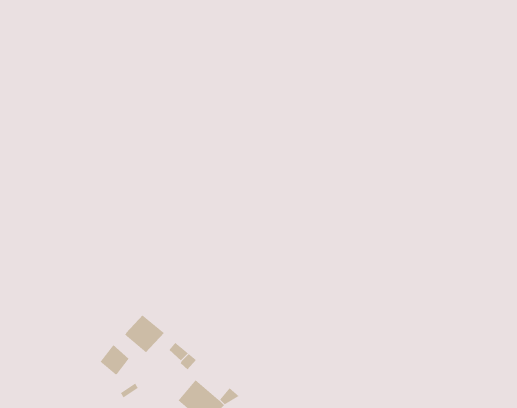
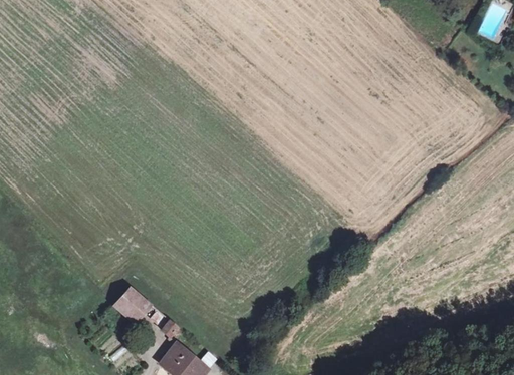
building: [100,344,129,376] -> none

